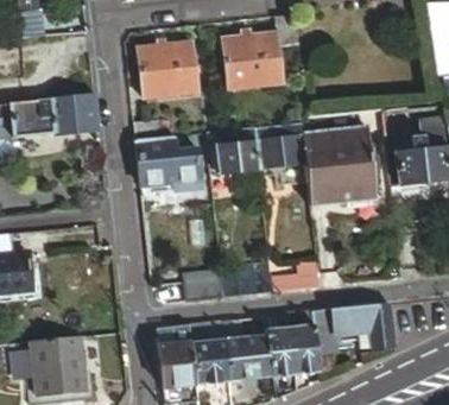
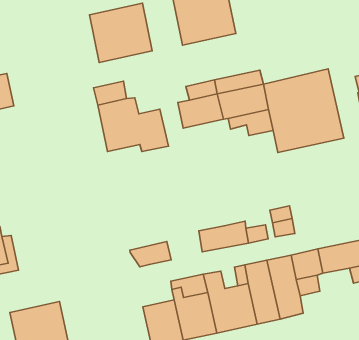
building: [49,93,97,132] -> none

